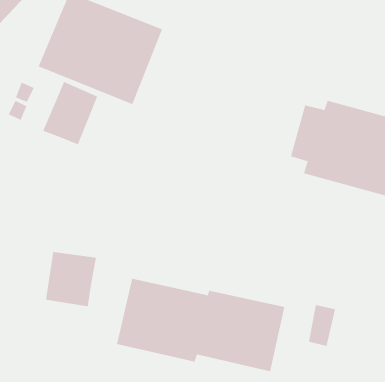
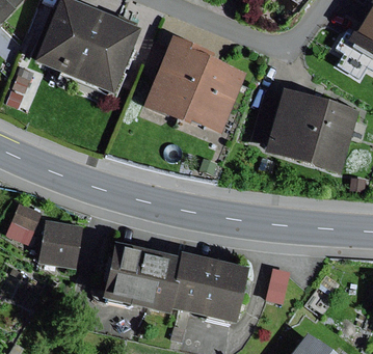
building: none -> [143,34,247,133]
building: [43,81,98,145] -> none
building: none -> [7,202,44,244]

